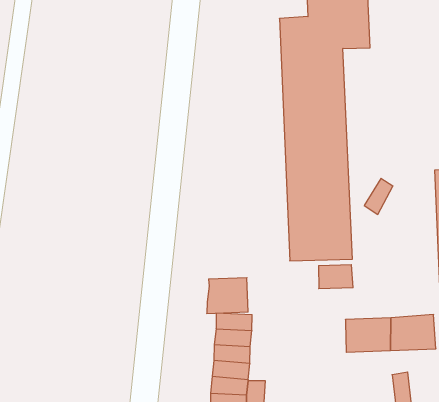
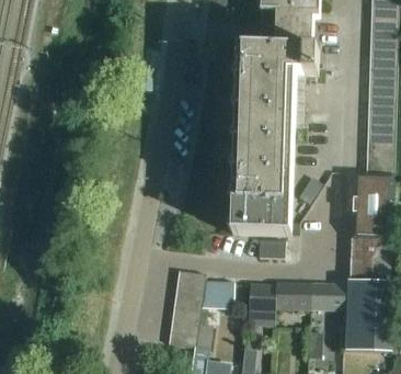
building: [207,278,248,313] -> [202,281,234,308]
building: none -> [249,284,277,313]

